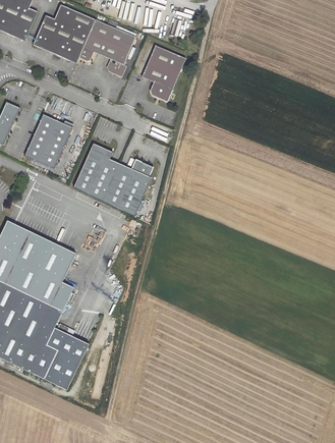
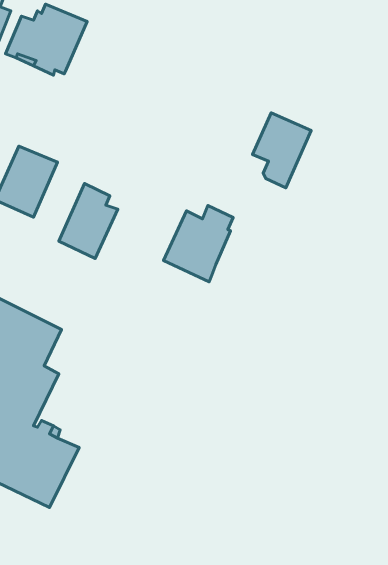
building: [78,19,135,76] -> none
building: [141,45,185,102] -> [252,113,311,188]
building: [101,158,154,216] -> [164,205,233,282]

